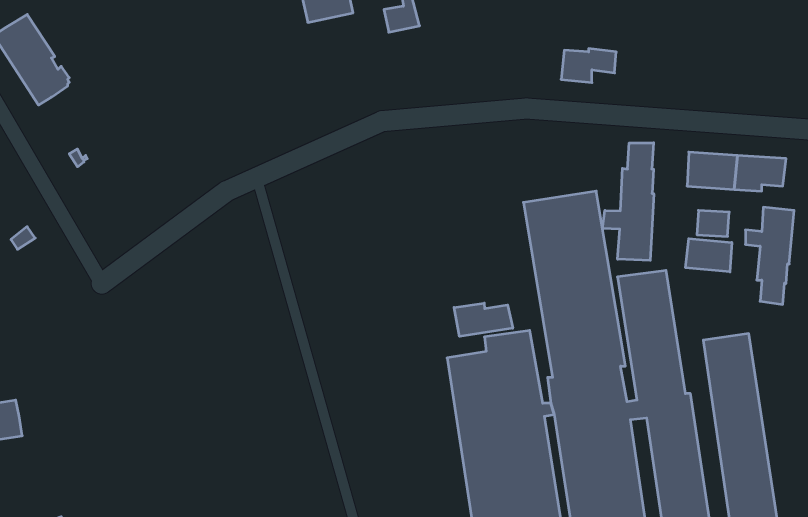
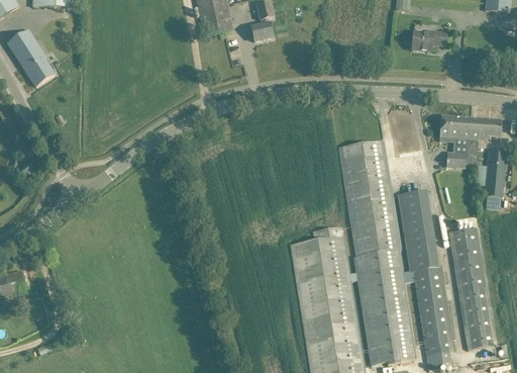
building: [561,49,616,83] -> [411,30,445,52]
building: [603,143,654,260] -> none
building: [686,239,732,272] -> none
building: [454,303,513,336] -> none

